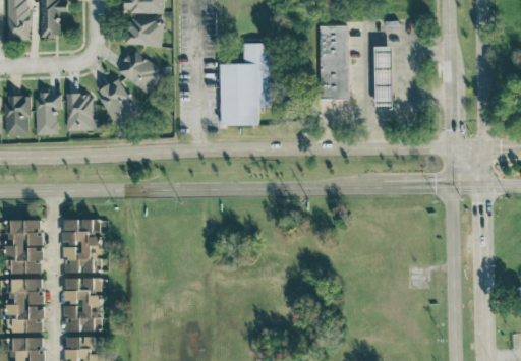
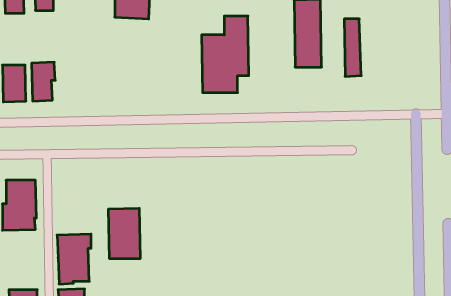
building: [118,49,164,94] -> none
building: [97,77,139,125] -> none
building: [67,93,94,130] -> none
building: [63,219,98,273] -> [108,208,140,258]
building: [7,279,43,332] -> none

